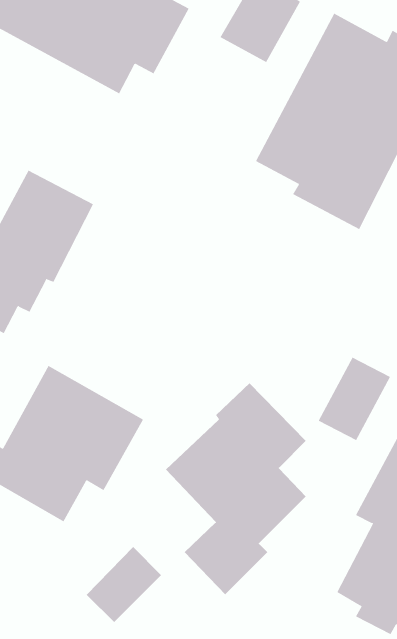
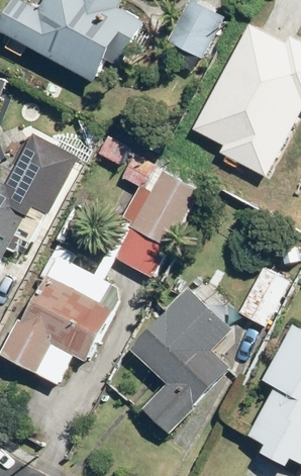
building: none -> [94,135,208,280]
building: [86,546,162,623] -> none

